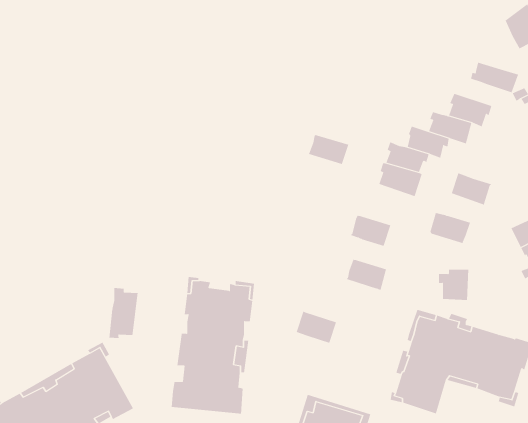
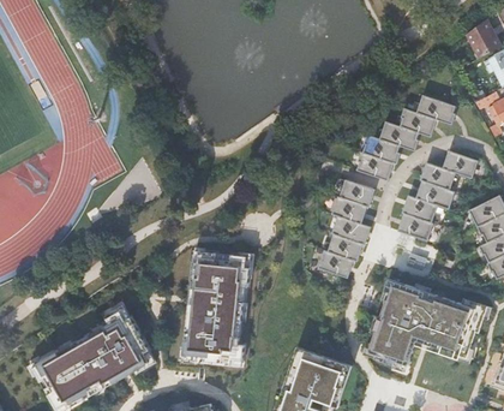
building: [471,62,519,93] -> none
building: [308,134,349,166] -> [341,181,376,208]
building: none -> [438,150,473,177]
building: none -> [415,180,450,208]
building: none -> [396,214,431,240]
building: none -> [337,219,372,245]
building: [109,287,138,339] -> none
building: [296,311,337,343] -> [322,251,356,279]

